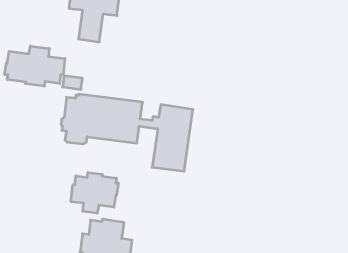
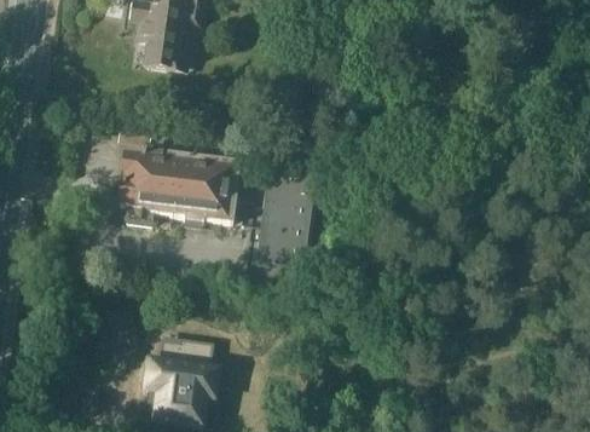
building: [5,46,65,86] -> none
building: [71,172,118,213] -> none

